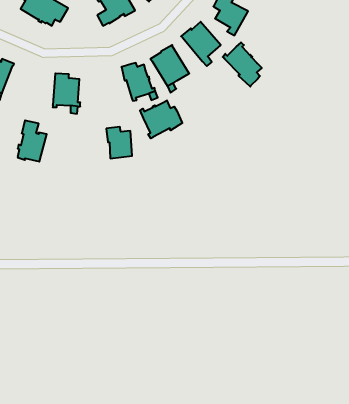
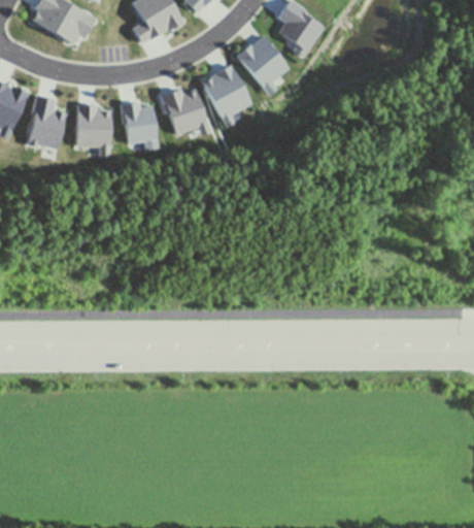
building: [223,42,262,87] -> none
building: [140,100,182,138] -> none
building: [18,120,47,162] -> [28,95,65,147]
building: [106,127,132,158] -> [121,103,154,143]

